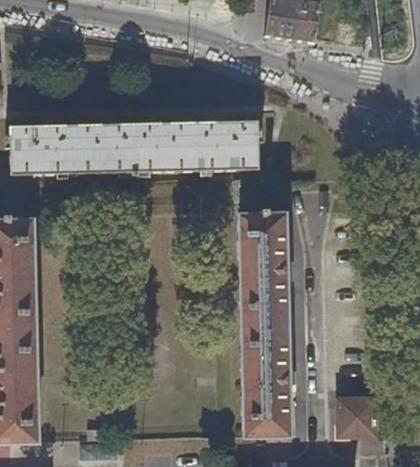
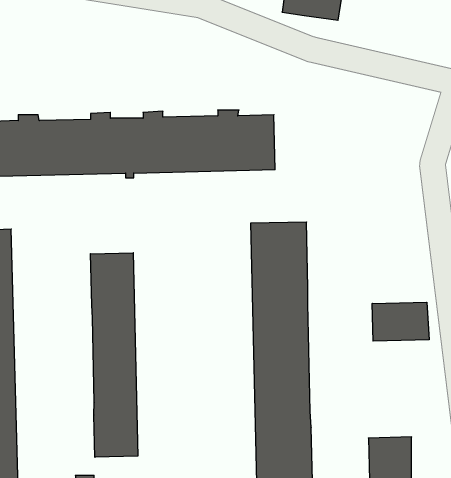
building: none -> [90,253,138,457]
building: none -> [372,302,429,341]

